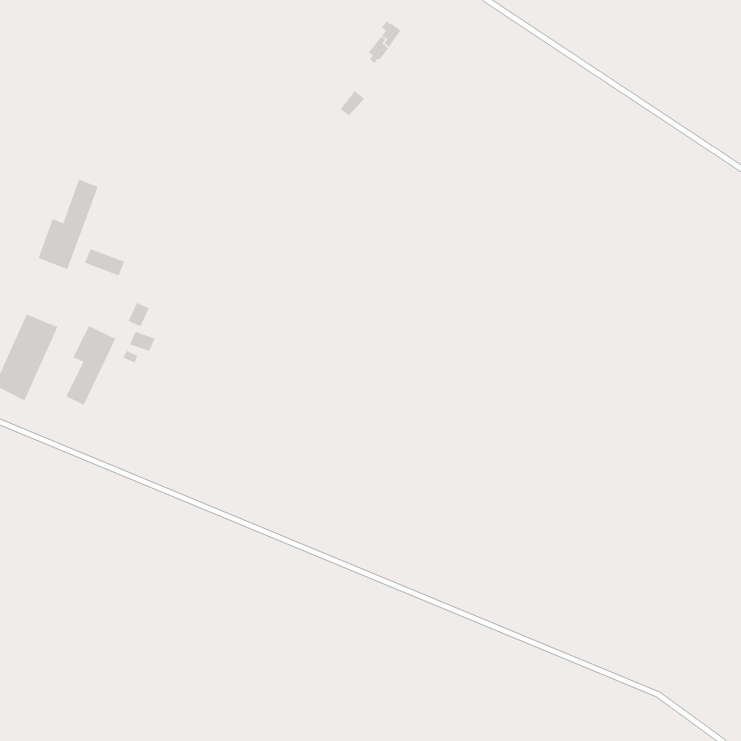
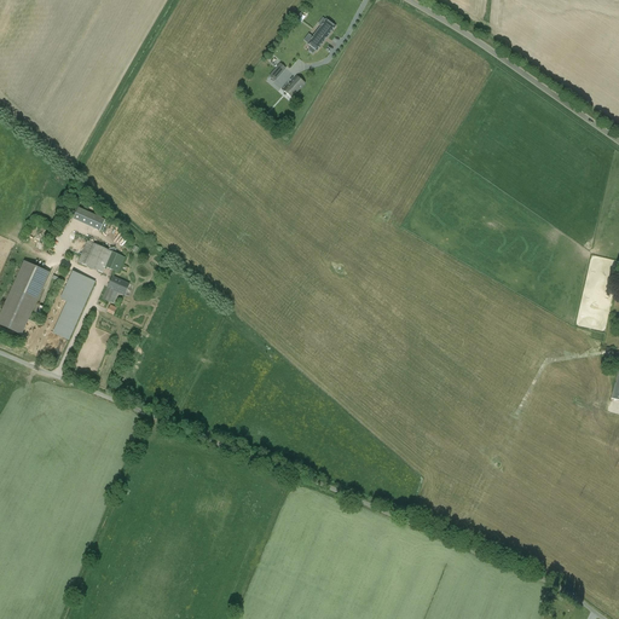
building: [38,179,99,270] -> none
building: none -> [77,239,111,271]

